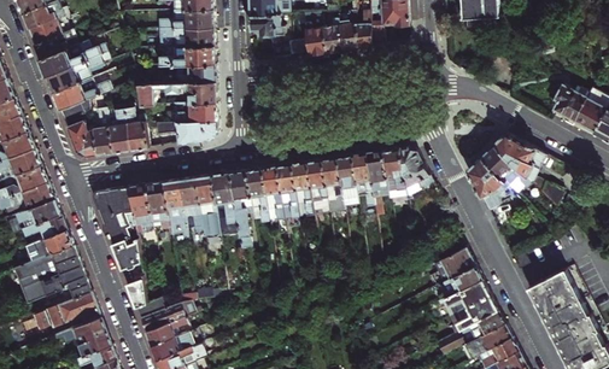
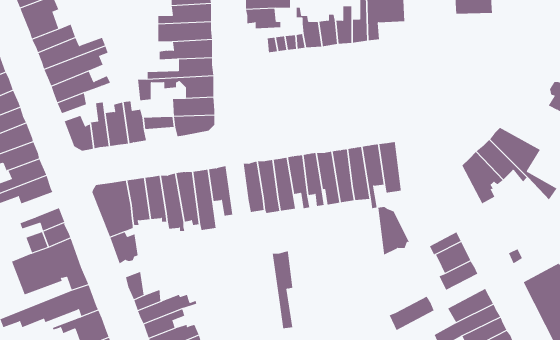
building: [398,147,431,197] -> [377,206,410,256]
building: [228,170,250,248] -> [272,251,293,329]
building: [13,199,60,224] -> none
building: [443,281,488,316] -> [389,296,434,331]

